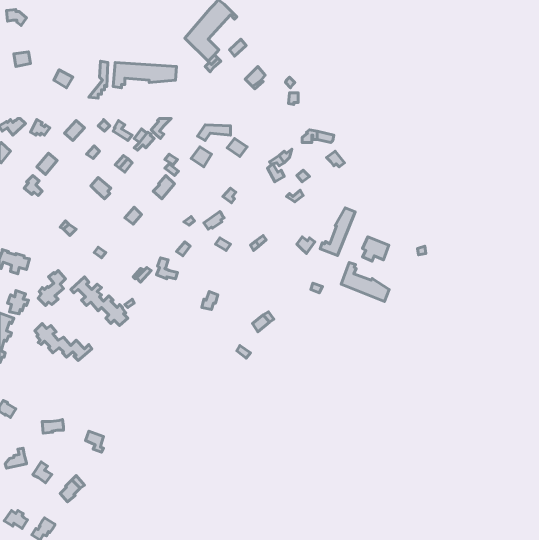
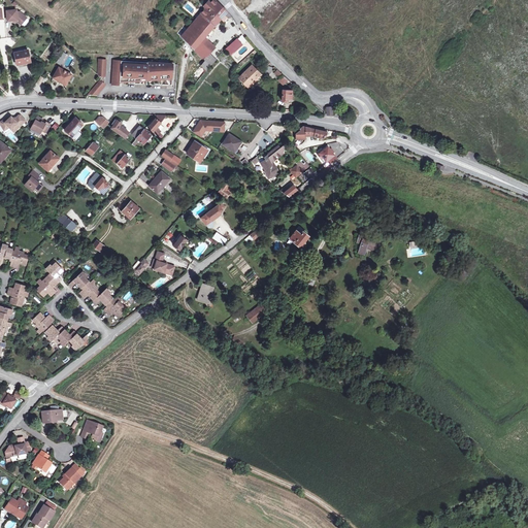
building: [320,208,355,256] -> none
building: [341,263,389,301] -> none

